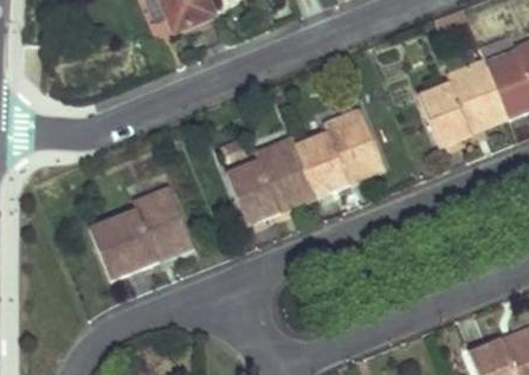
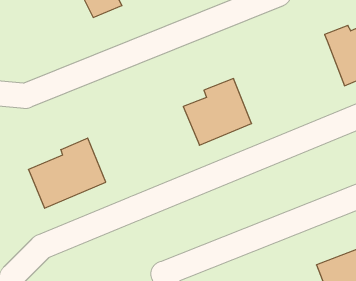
building: [418,58,505,146] -> none
building: [227,136,315,222] -> none

